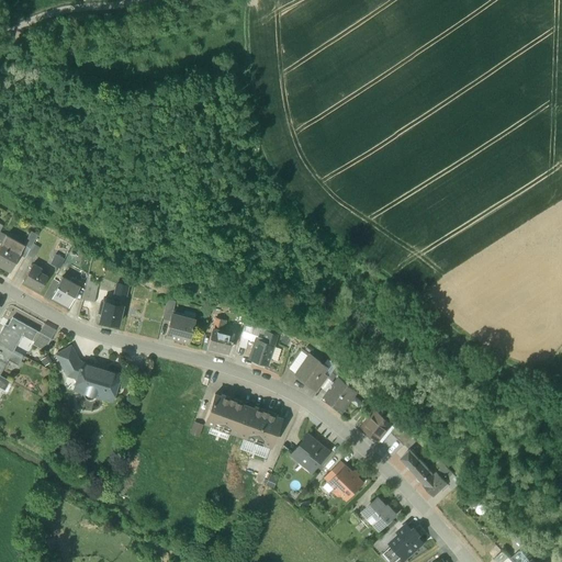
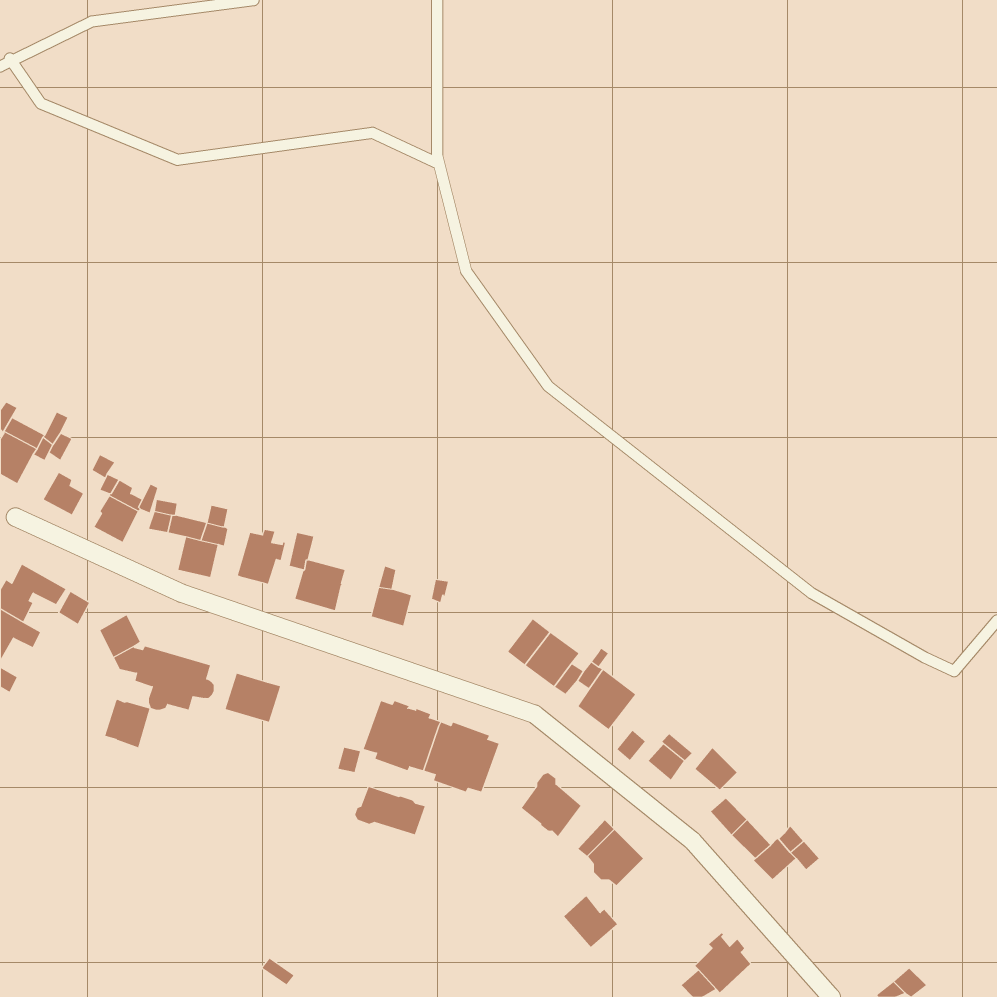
building: none -> [237,529,285,585]
building: [250,333,277,364] -> none
building: none -> [225,673,281,723]
building: none -> [105,699,150,748]
building: none -> [355,786,426,835]
building: [364,498,395,528] -> [563,895,618,948]

